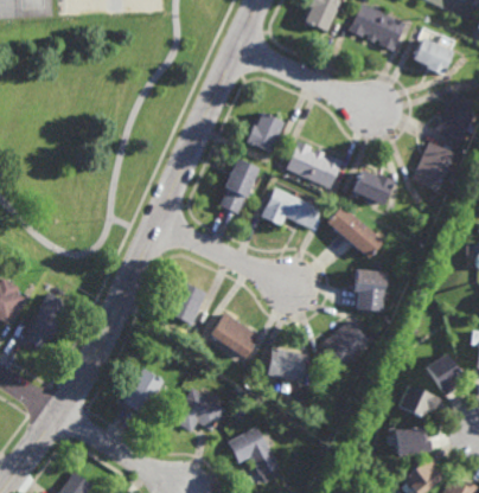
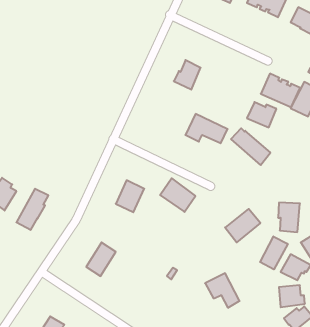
building: [287,140,343,187] -> [261,74,300,107]
building: [222,158,260,212] -> none
building: [355,270,385,312] -> [278,203,300,232]
building: [211,312,261,359] -> [160,178,195,212]
building: [267,350,306,383] -> none
building: none -> [260,236,288,269]
building: [174,386,228,431] -> none
building: [230,427,279,475] -> [205,273,240,308]

